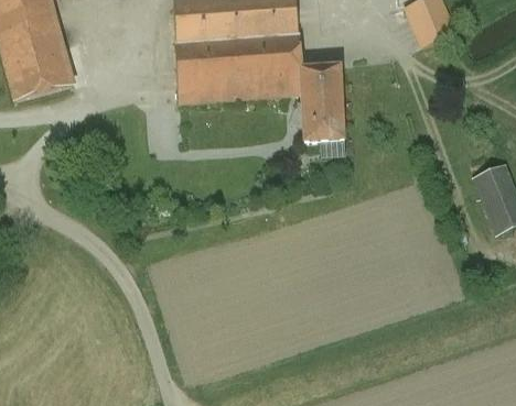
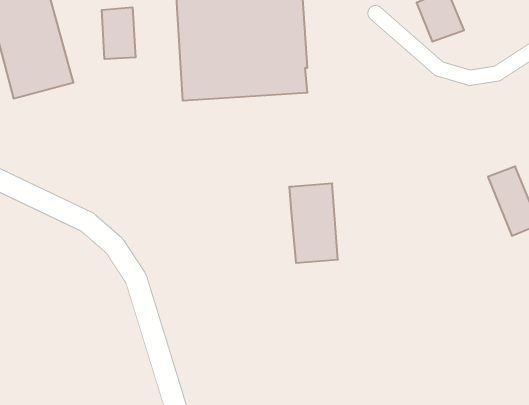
building: none -> [102,7,136,59]
building: [298,66,345,143] -> [289,183,338,263]

